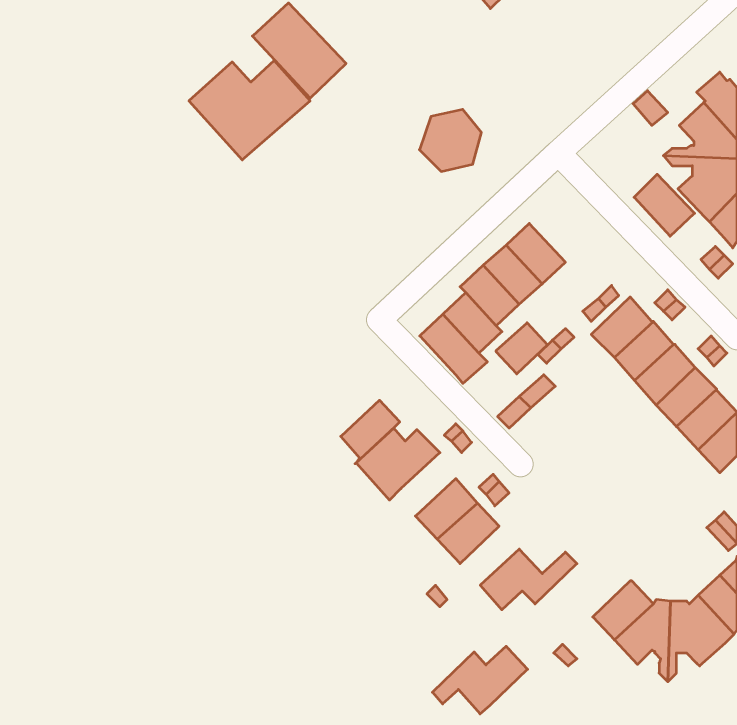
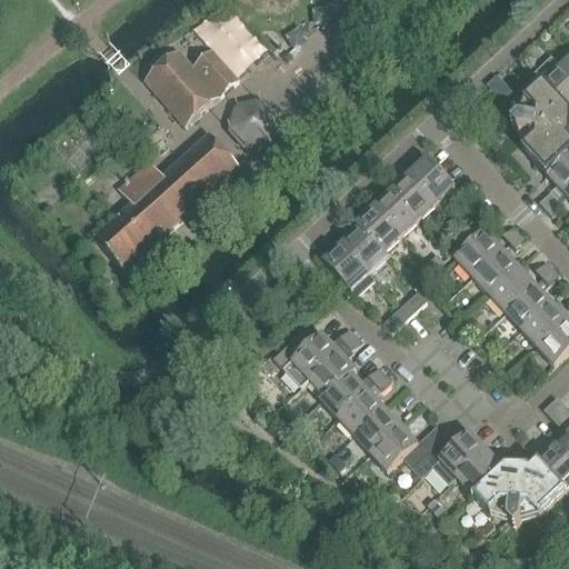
building: [419,109,481,171] -> [229,97,277,144]
building: none -> [96,131,240,268]
building: [634,174,695,236] -> [408,154,455,202]
building: [496,323,548,374] -> none
building: [341,400,400,464] -> [309,349,355,398]
building: none -> [355,406,400,451]
building: [432,646,528,714] -> [412,430,486,482]

